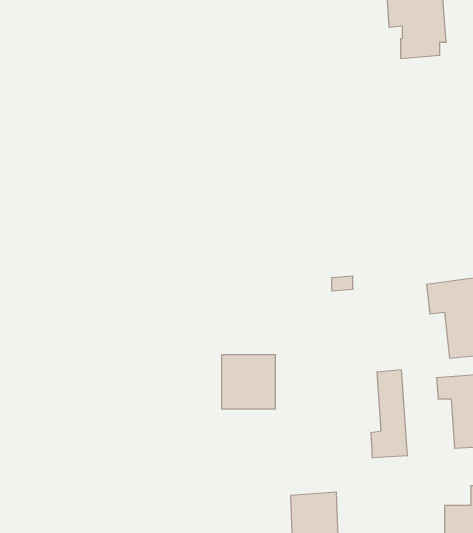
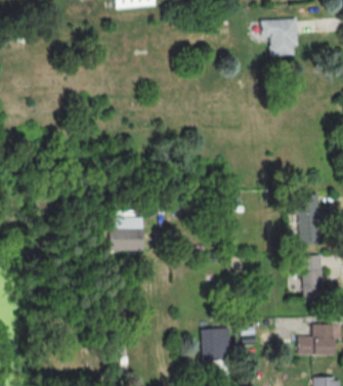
building: [222,355,276,409] -> [111,216,144,250]
building: [371,370,407,458] -> none

